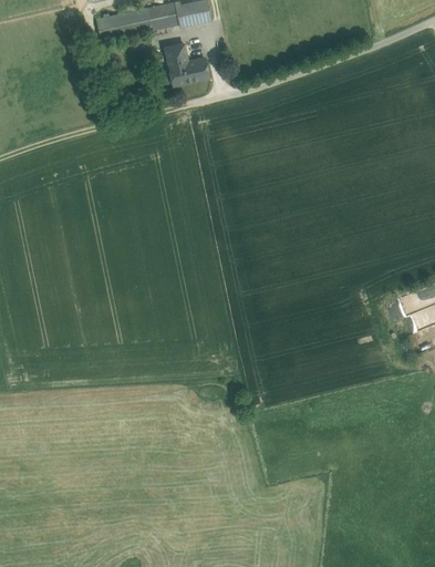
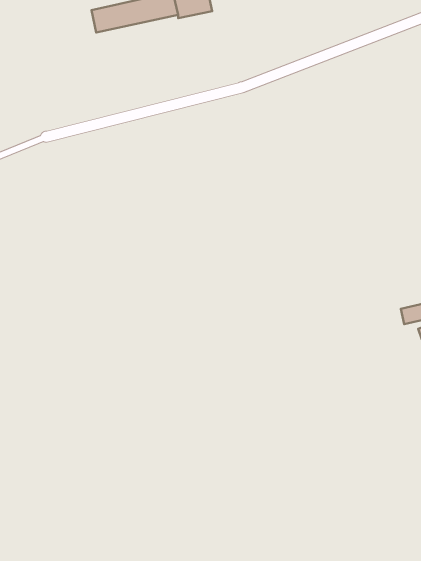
building: [166,43,208,83] -> none

